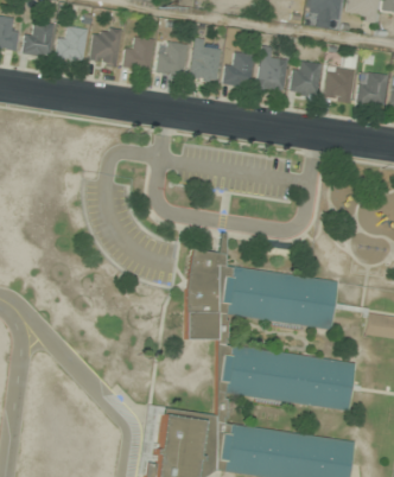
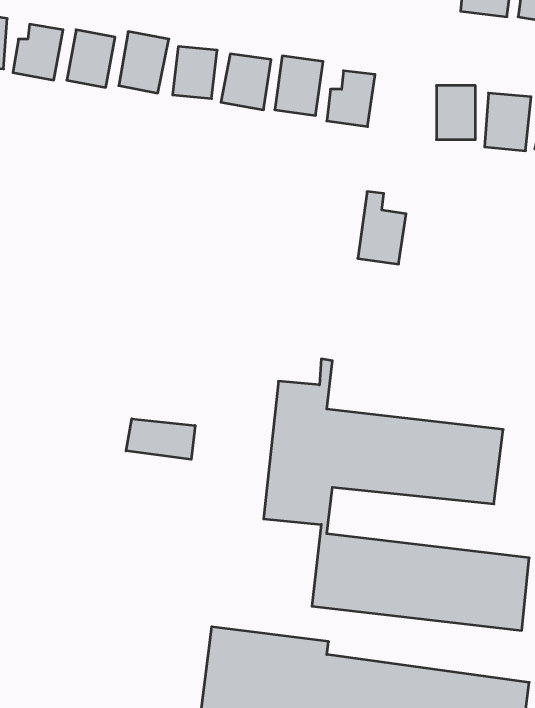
building: [258,45,288,91] -> [358,192,406,264]
building: none -> [126,419,195,459]

